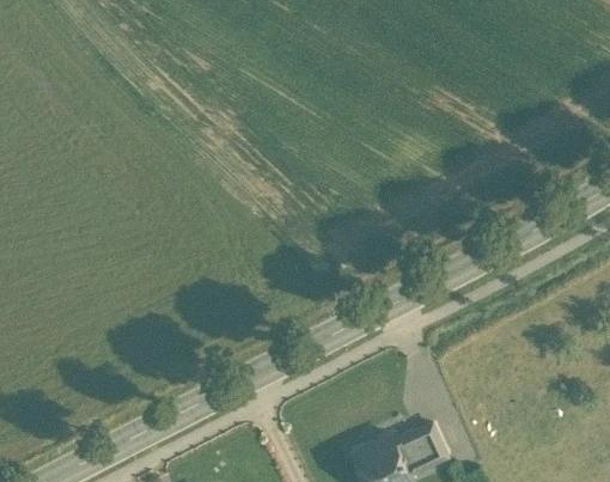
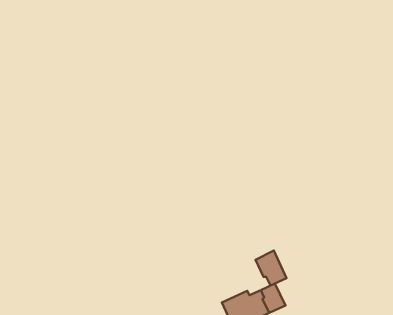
building: none -> [255,251,287,286]

